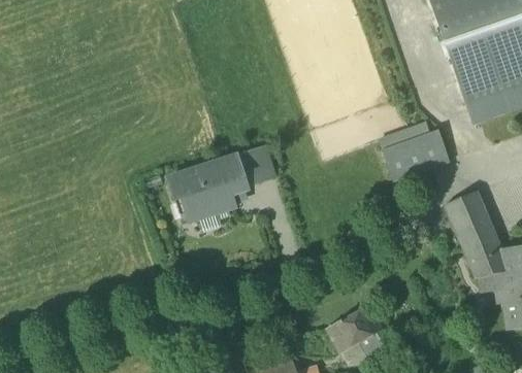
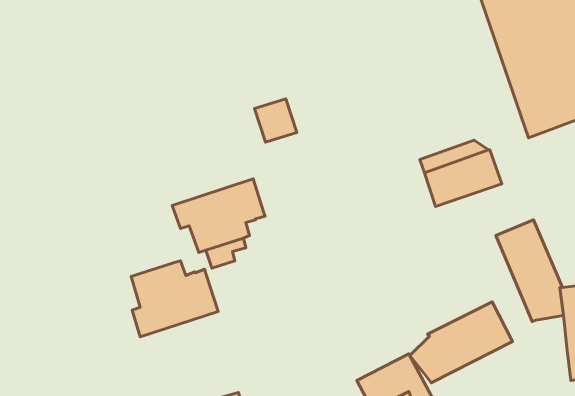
building: [236,147,272,184] -> [255,99,297,142]
building: none -> [131,261,218,337]
building: none -> [410,302,512,383]
building: [478,272,504,303] -> none

